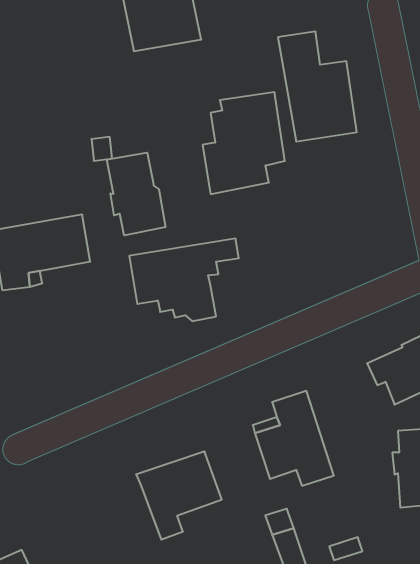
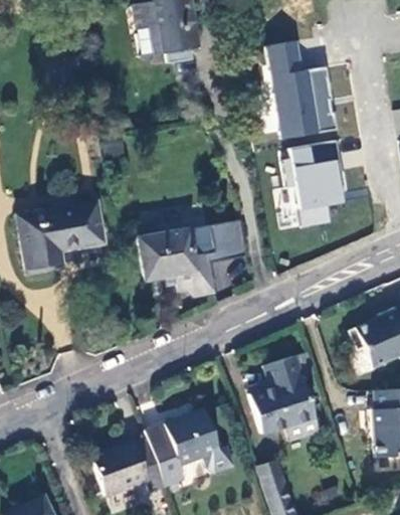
building: [203,92,285,194] -> [273,141,346,230]
building: [107,153,165,235] -> none
building: none -> [206,220,246,264]
building: none -> [89,439,165,496]

